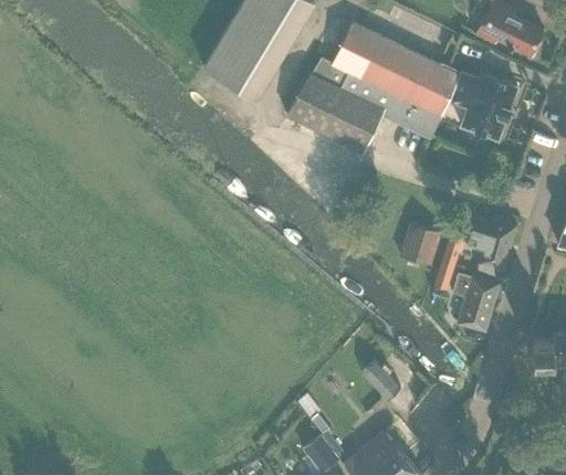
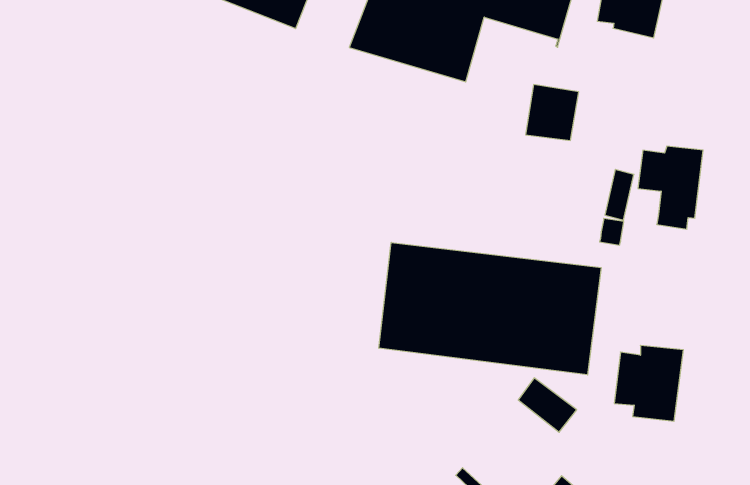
building: [400,223,441,265] -> [526,85,579,140]
building: none -> [379,242,601,375]
building: [447,276,500,331] -> [614,345,683,421]

